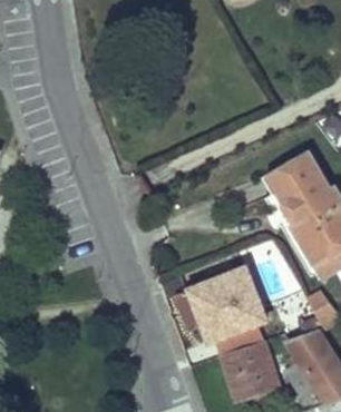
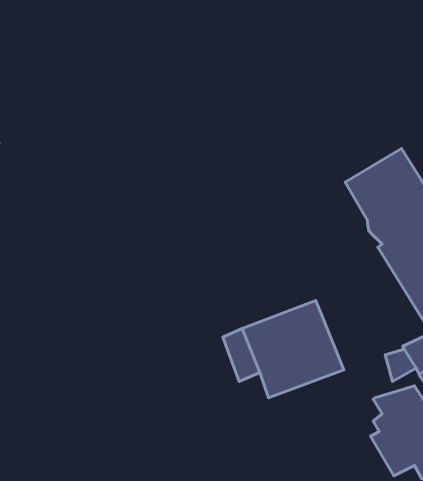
building: [221,341,276,398] -> none

